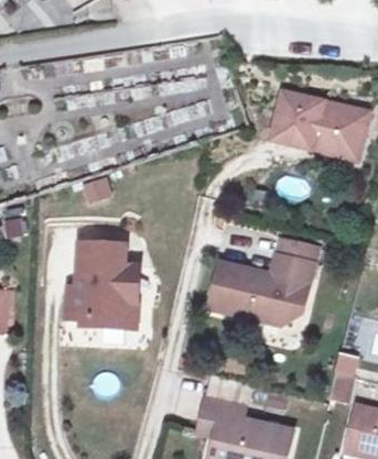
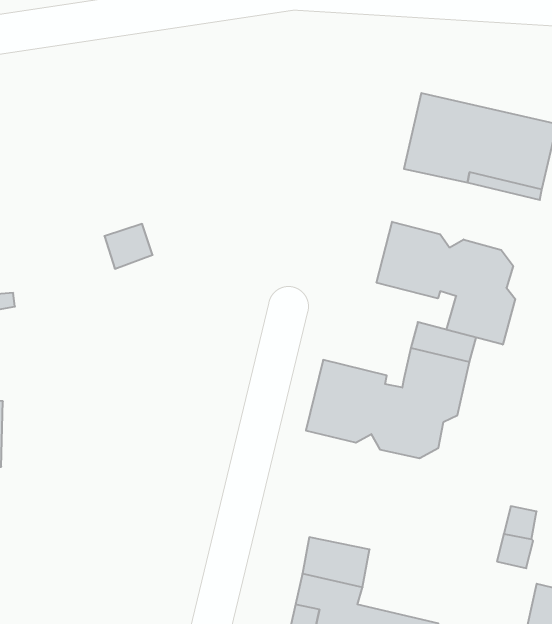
building: none -> [377,222,515,345]
building: [67,243,137,328] -> none

